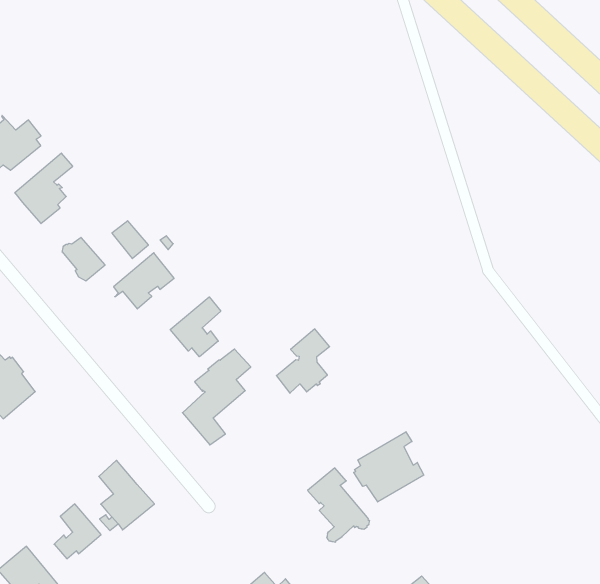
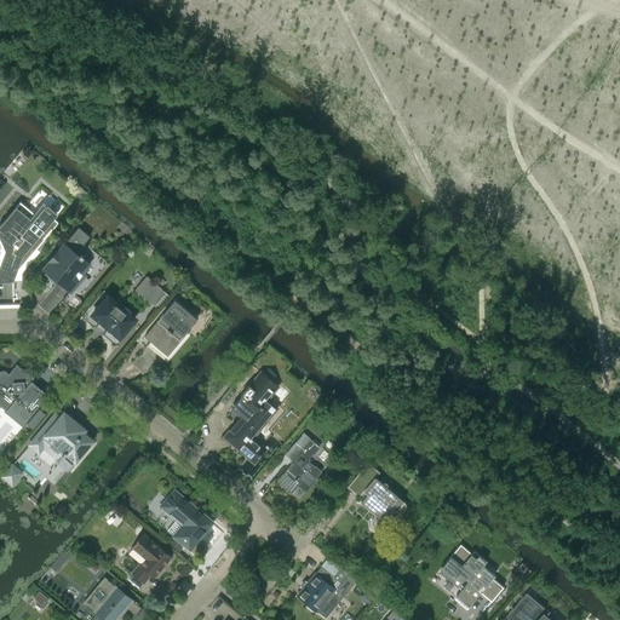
building: [170,297,221,357] -> none
building: [276,329,330,393] -> [276,435,321,495]
building: [354,432,424,502] -> none

